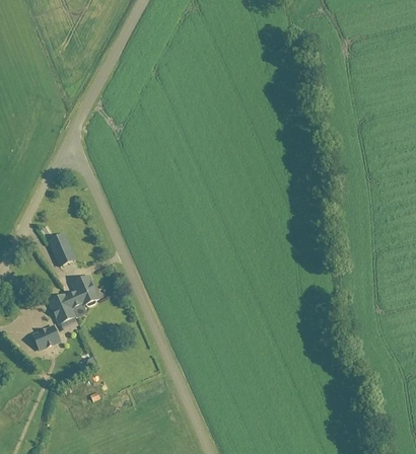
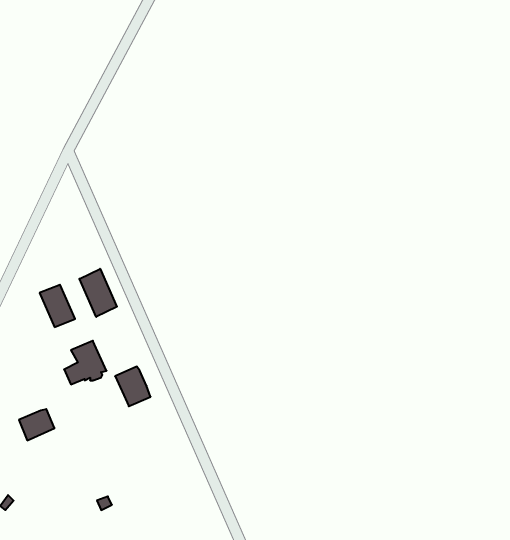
building: none -> [79,269,117,317]
building: [49,293,75,322] -> [115,367,151,406]

